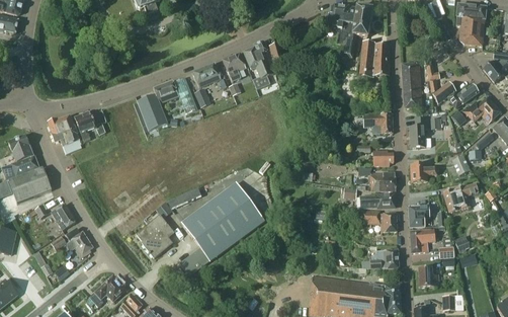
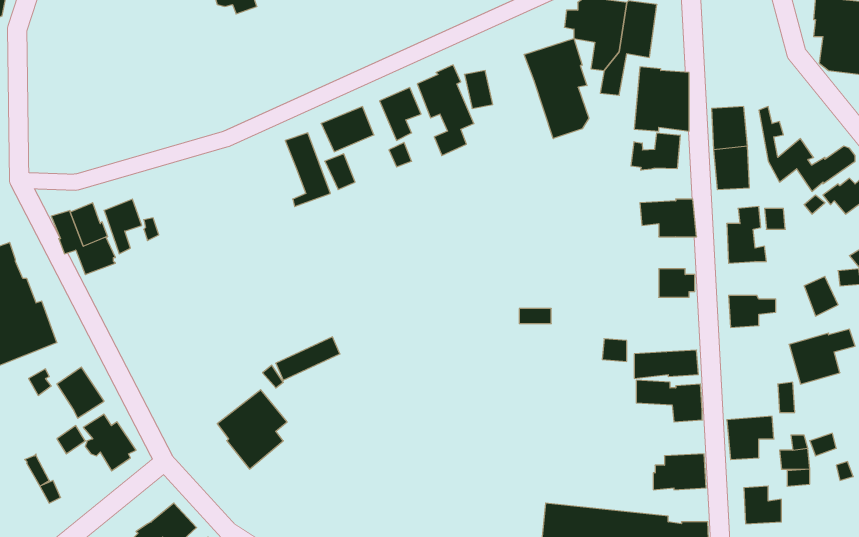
building: none -> [524,39,589,139]
building: none -> [631,133,680,170]
building: [138,80,179,131] -> none
building: [370,172,395,190] -> none
building: [180,181,265,275] -> none
building: [409,205,429,227] -> none

